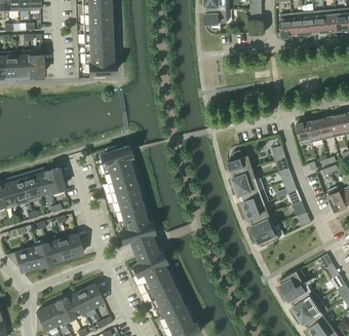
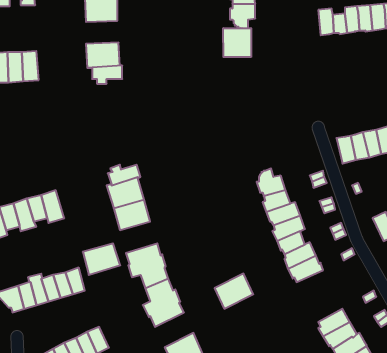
building: [84,24,112,43] -> none
building: none -> [223,28,251,57]
building: [113,194,145,221] -> [83,243,120,275]
building: [143,271,176,301] -> [215,274,253,309]

